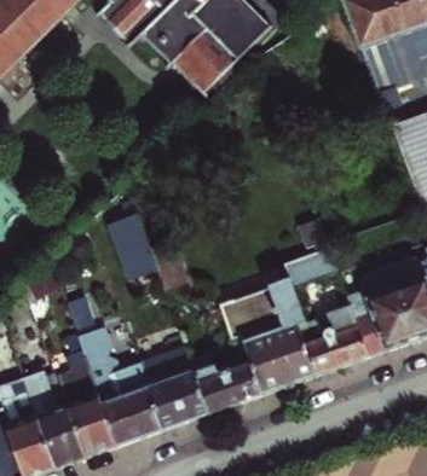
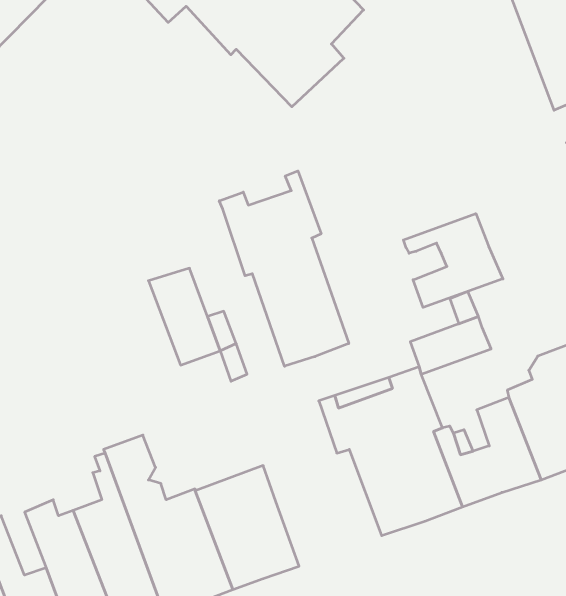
building: none -> [219,171,349,366]
building: none -> [403,214,503,307]
building: [192,336,269,414] -> none

